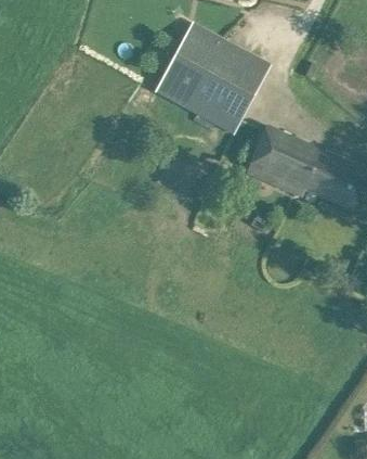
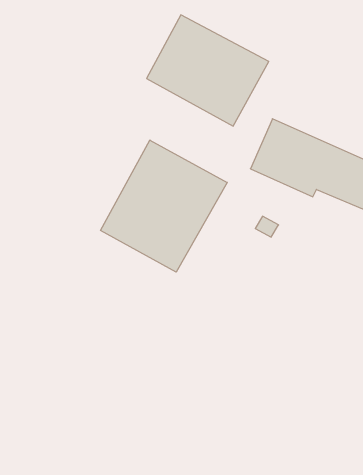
building: none -> [101,140,227,272]

